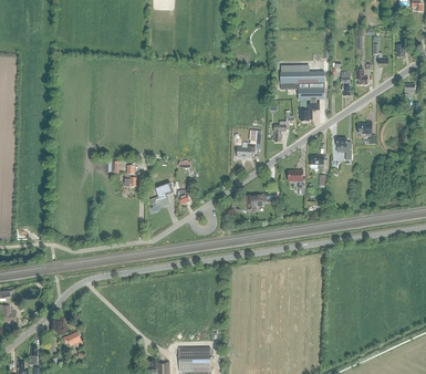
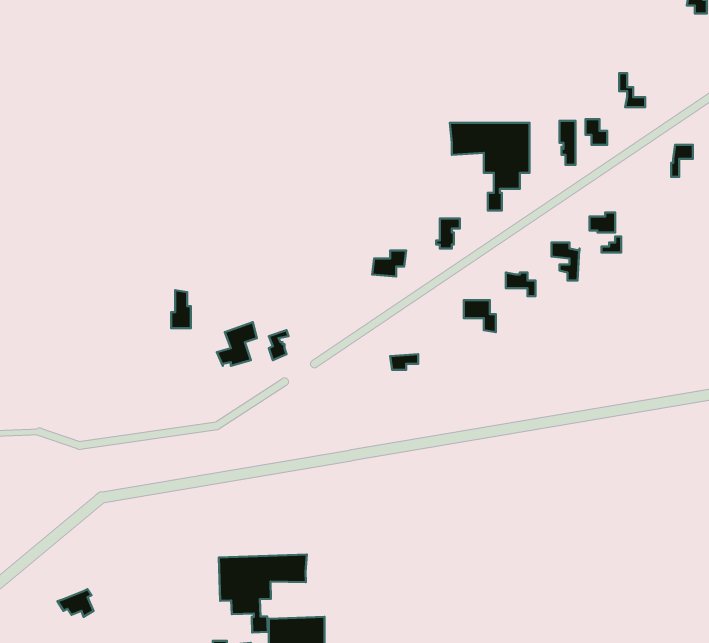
building: none -> [219,554,307,632]

